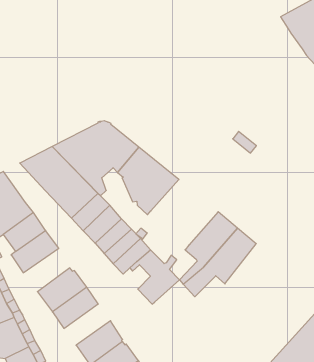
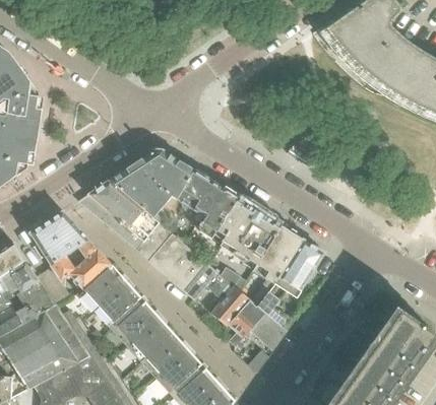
building: none -> [214,200,282,264]
building: none -> [95,282,141,328]
building: none -> [229,299,287,351]
building: none -> [141,333,187,377]

